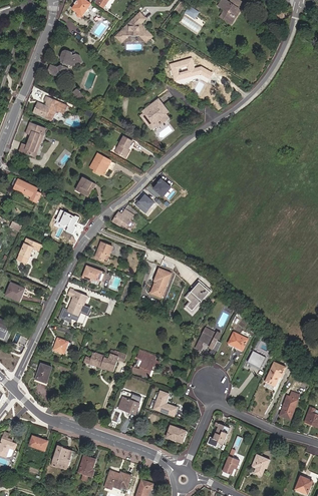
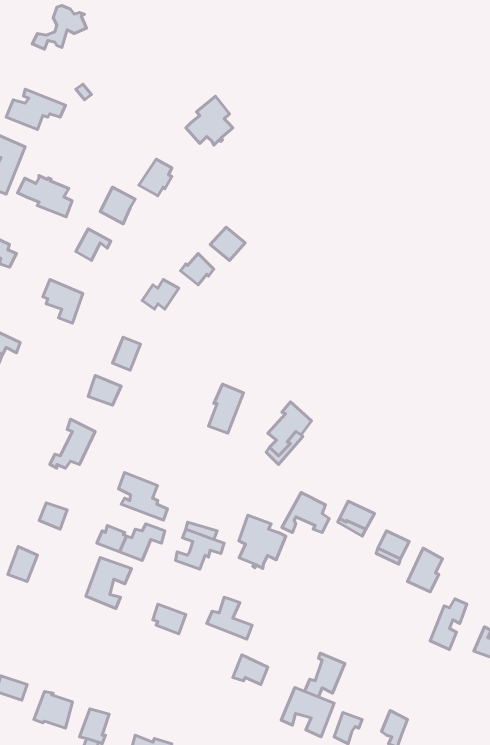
building: [169,58,206,81] -> none
building: none -> [18,175,72,217]
building: none -> [118,473,167,520]
building: none -> [239,515,286,568]
building: none -> [86,558,131,608]
building: none -> [281,688,334,737]

